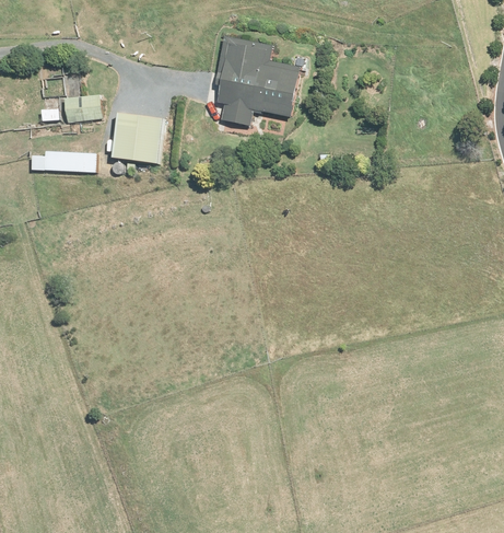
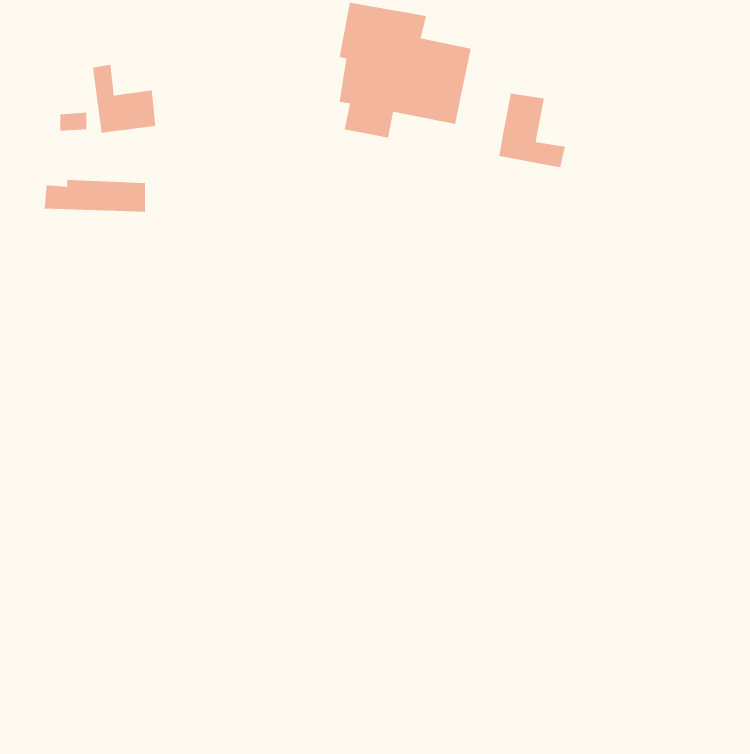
building: none -> [499,93,565,168]
building: [113,113,154,162] -> none

